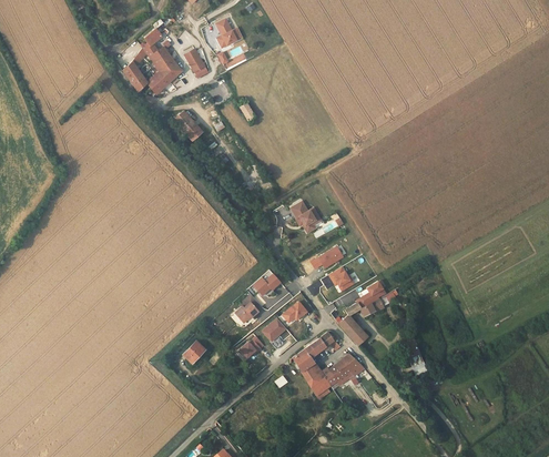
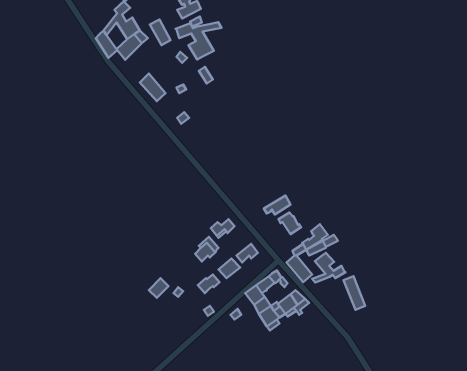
building: none -> [176,22,222,60]
building: [291,202,321,233] -> none
building: none -> [312,253,345,283]

